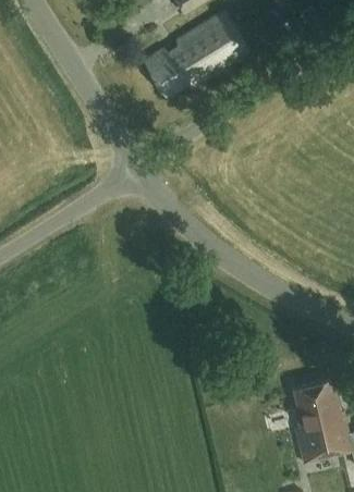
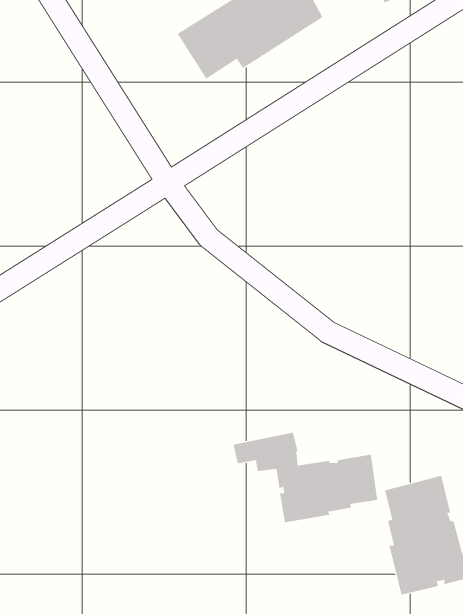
building: none -> [233,432,378,523]

